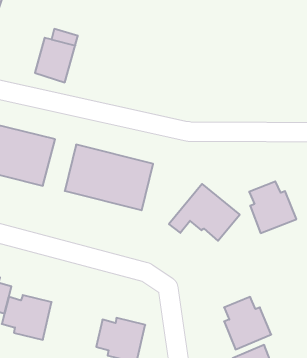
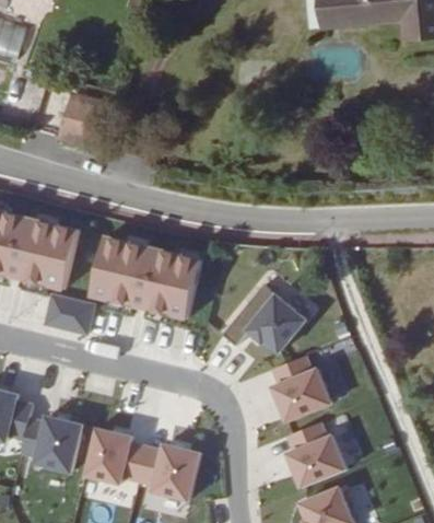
building: [249,181,296,233] -> [277,355,336,419]
building: none -> [46,288,95,326]
building: none -> [79,430,140,486]

